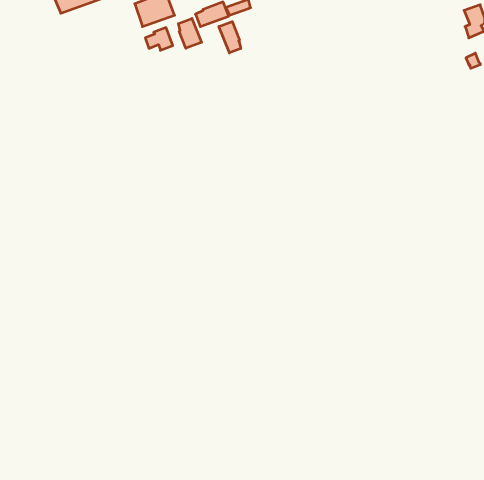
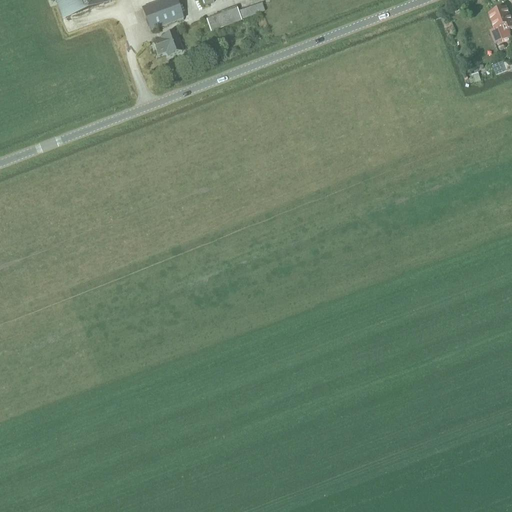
building: [178,18,202,48] -> none
building: [219,22,241,53] -> none

